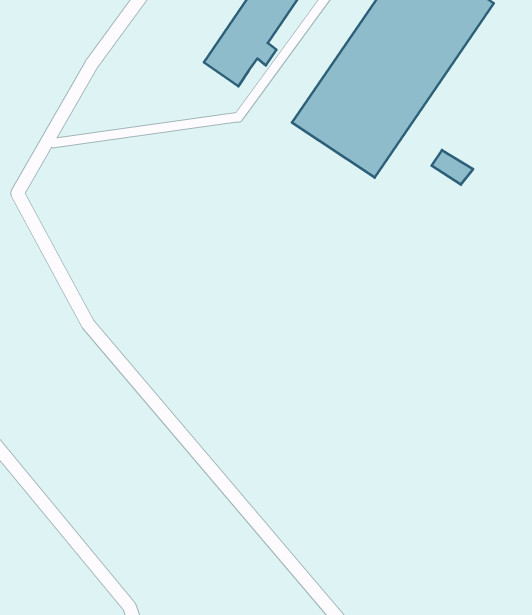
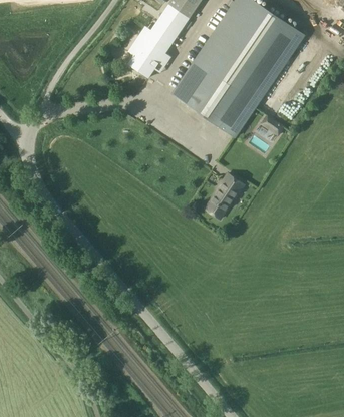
building: none -> [205,173,239,219]

